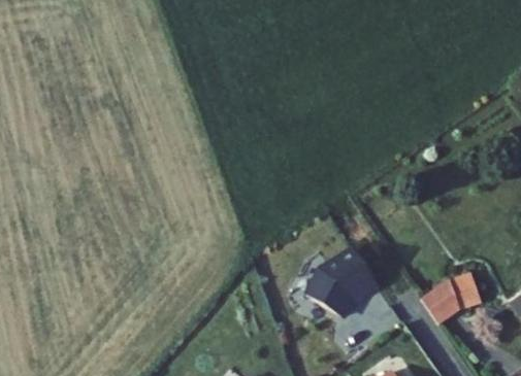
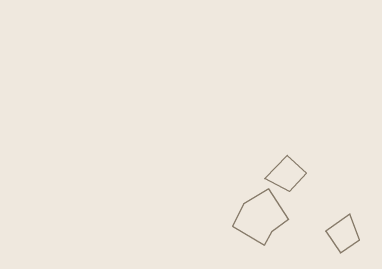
building: none -> [265,155,306,191]

